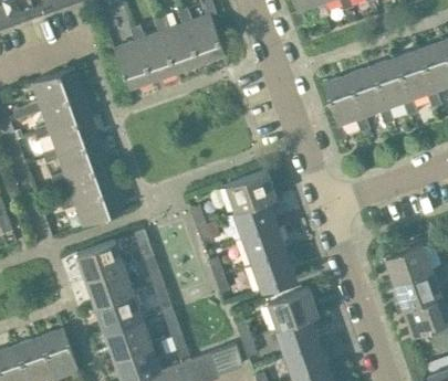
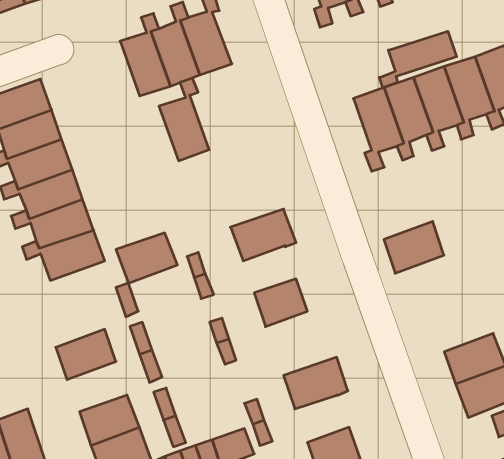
building: [112,24,152,89] -> [159,78,209,161]
building: none -> [379,31,457,88]
building: [233,199,275,236] -> none
building: [75,240,124,279] -> [116,233,177,283]
building: [384,242,431,283] -> [384,221,444,273]
building: [251,251,294,289] -> none
building: [94,290,142,330] -> none
building: [274,317,317,354] -> none

